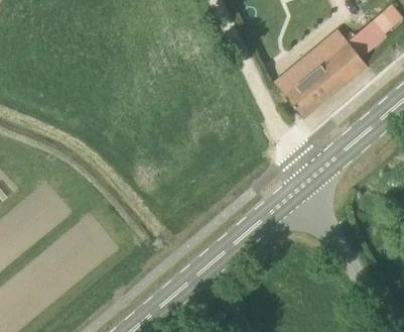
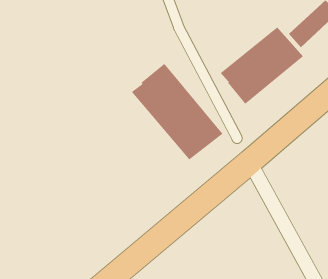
building: none -> [131,63,224,161]

